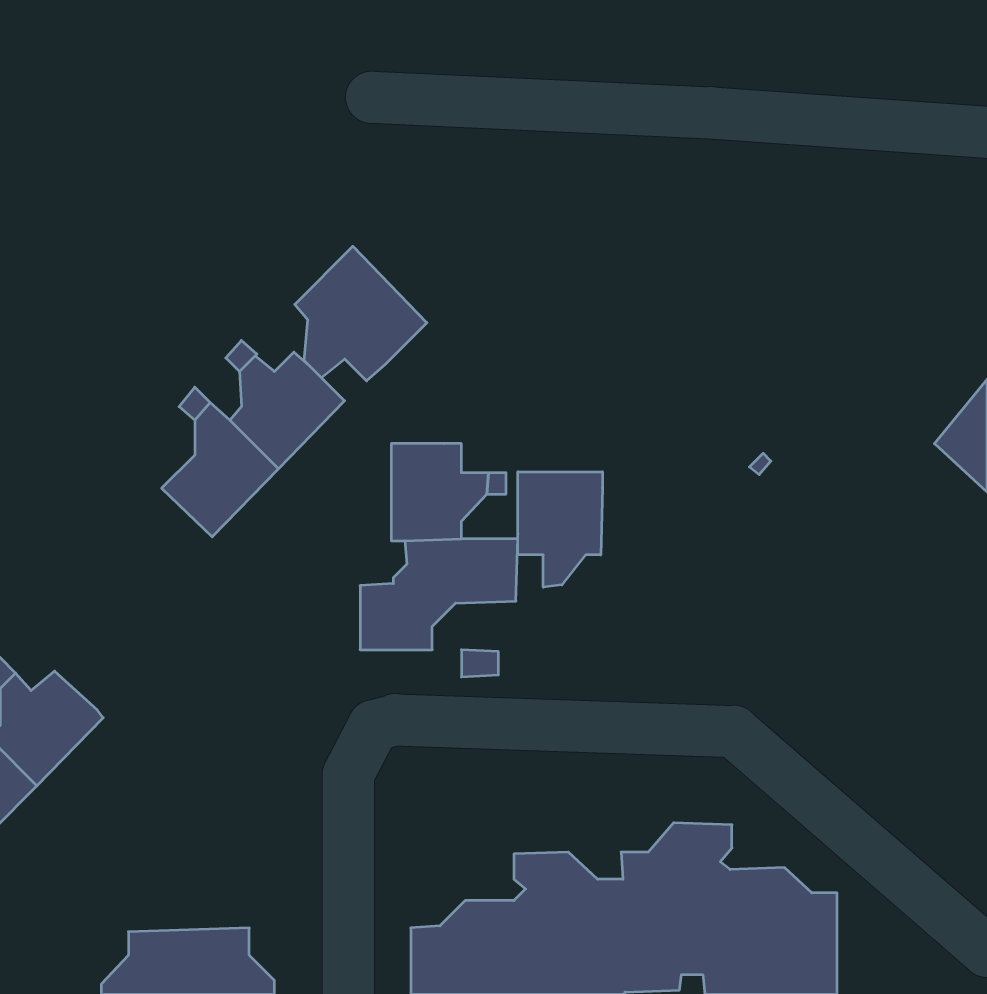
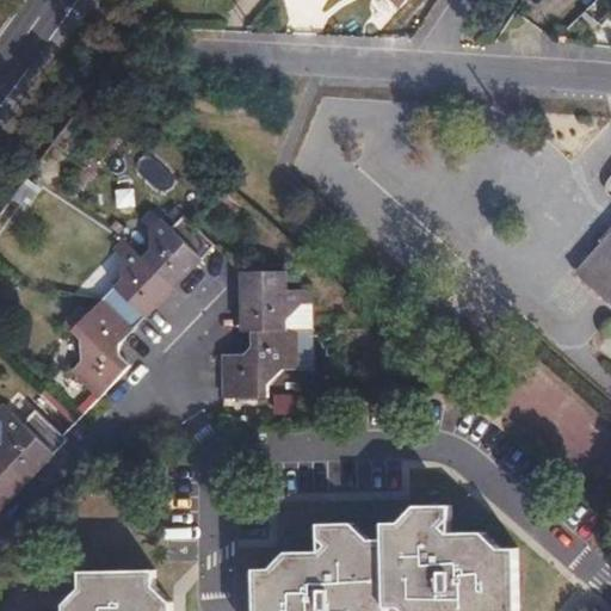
building: [295,246,427,381] -> none
building: [518,472,602,587] -> none
building: none -> [69,300,130,397]

